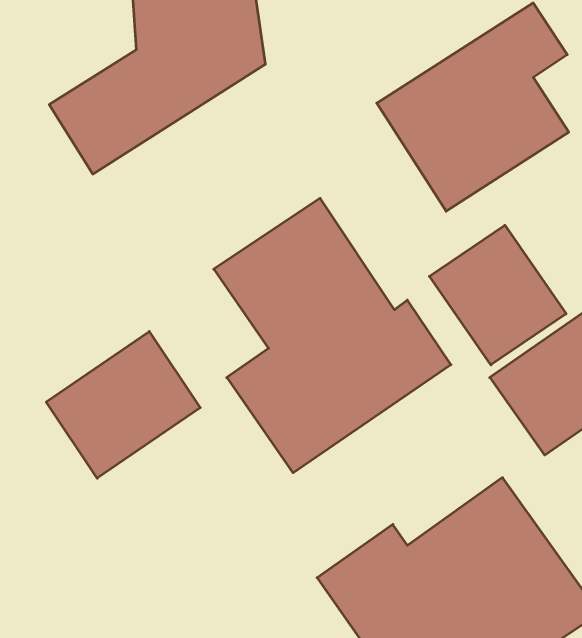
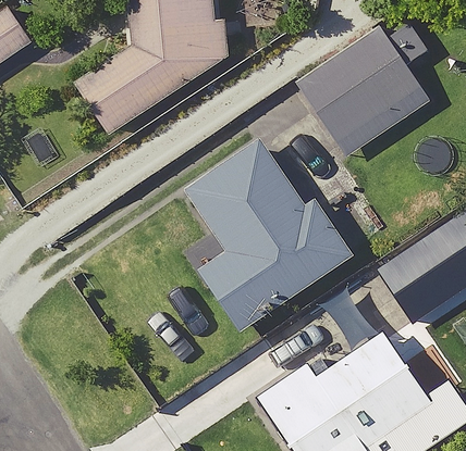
building: [429,225,566,365] -> none
building: [46,331,200,478] -> none

